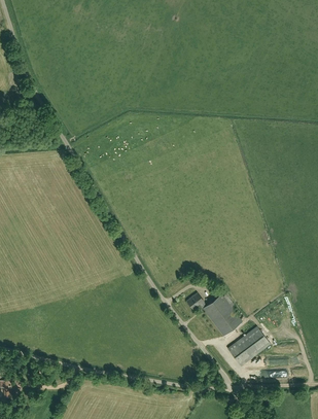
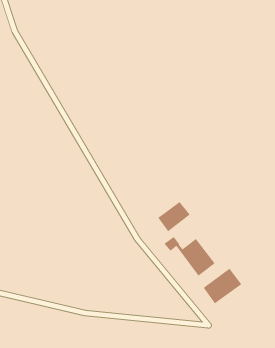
building: none -> [157,201,190,232]

